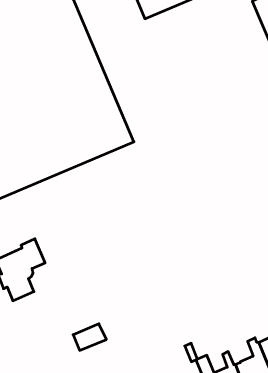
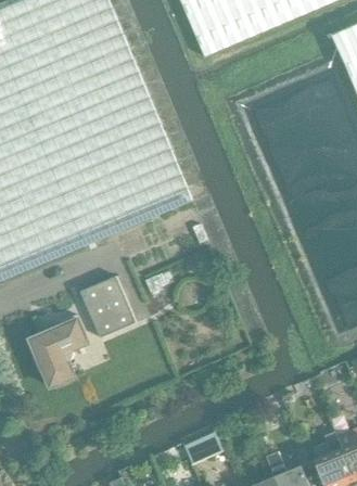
building: none -> [81,276,137,337]
building: [73,324,106,350] -> [186,432,225,463]

